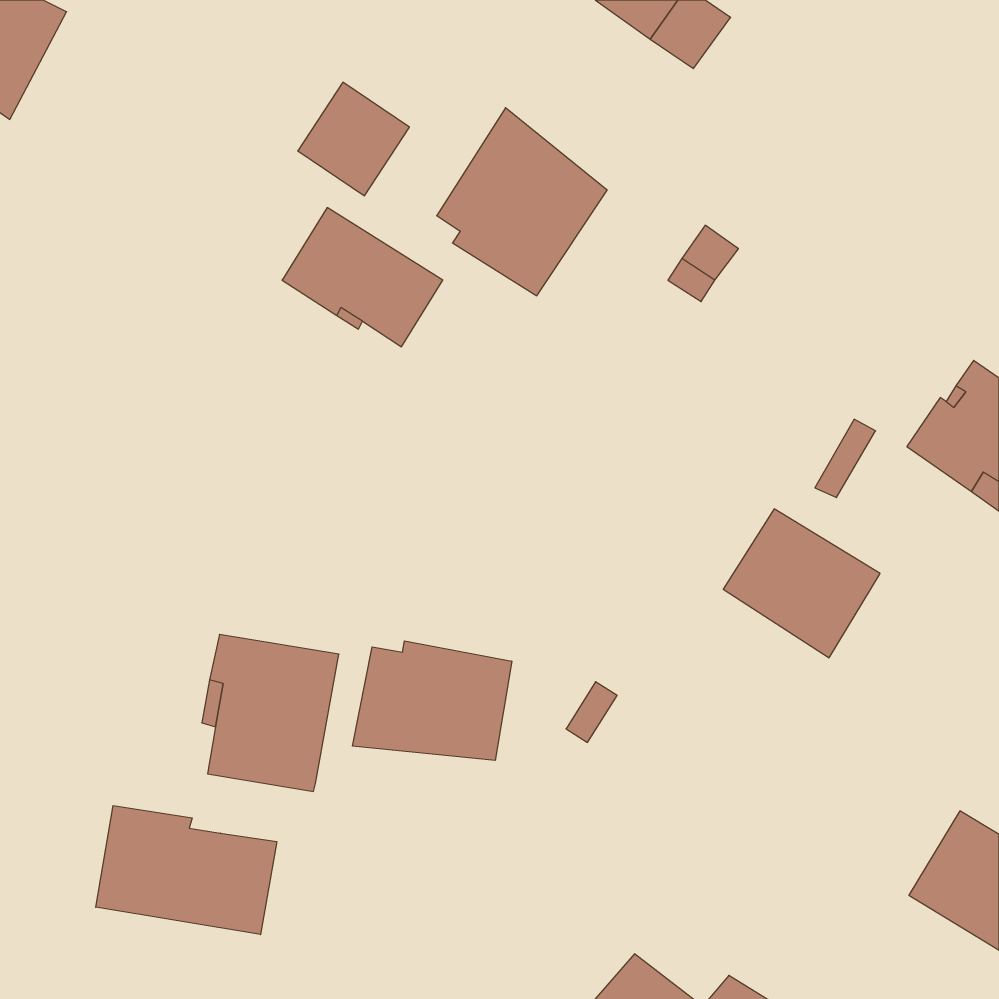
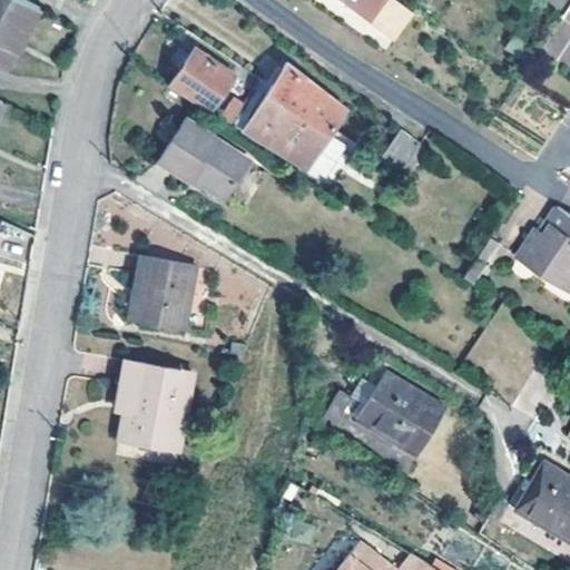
building: none -> [128,256,196,327]
building: [723,509,880,658] -> [355,371,444,455]
building: [353,641,512,760] -> none
building: [96,806,277,935] -> none

